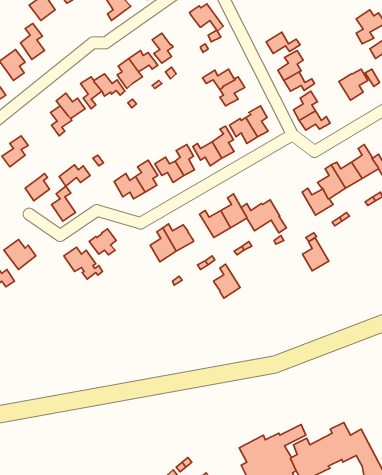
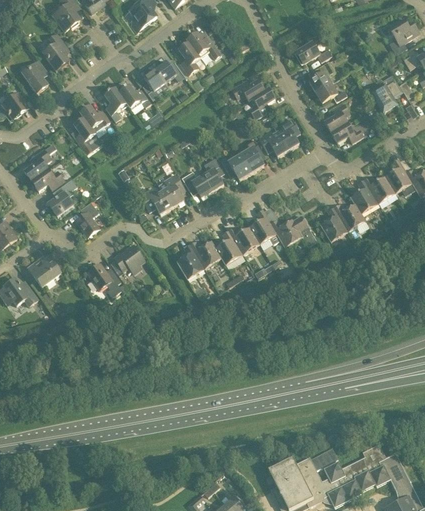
building: [189,4,223,31] -> [186,30,221,58]
building: [59,165,90,186] -> [31,168,63,190]
building: [303,238,329,271] -> [320,206,347,240]
building: [214,264,240,298] -> [215,229,242,264]

